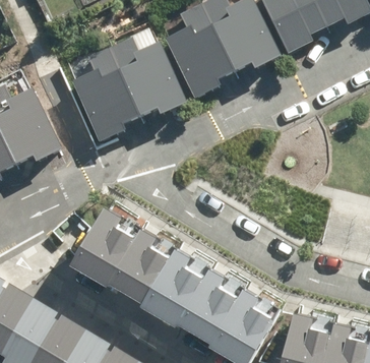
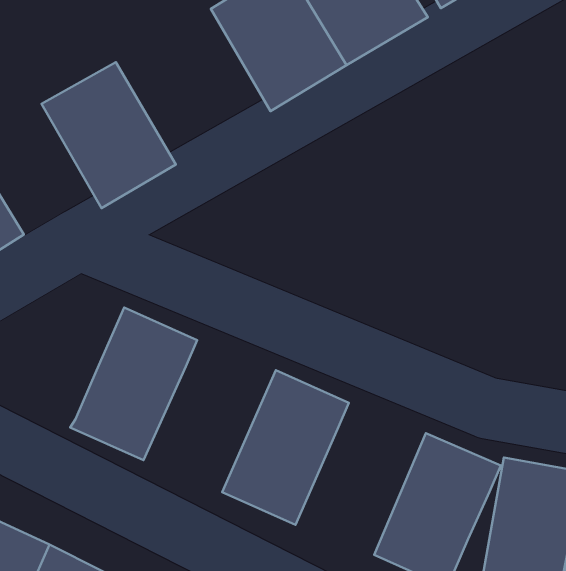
building: [113,46,182,120] -> none
building: [111,213,181,293] -> none
building: [186,252,256,332] -> none

